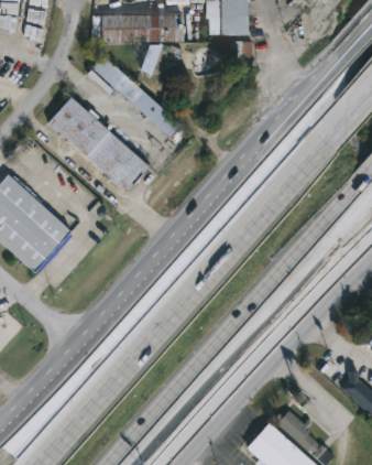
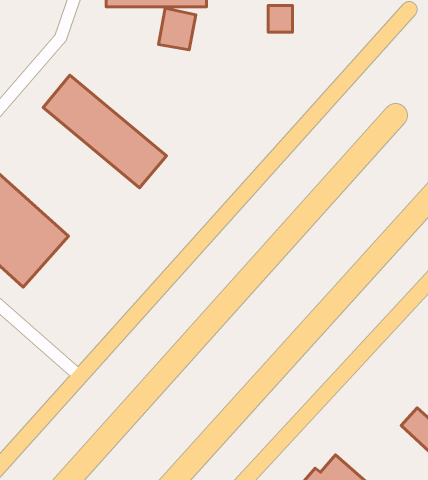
building: [91,53,180,137] -> none

